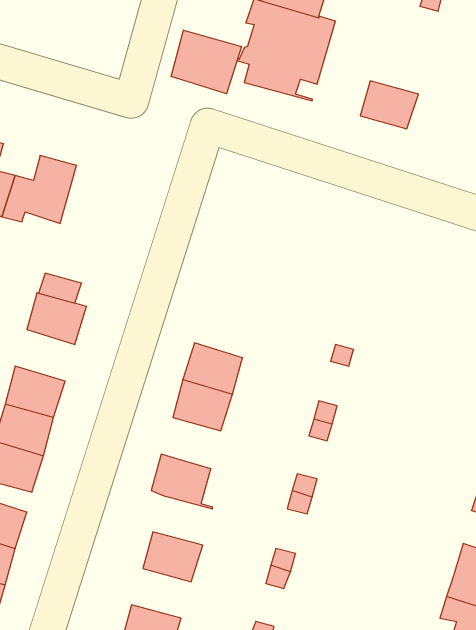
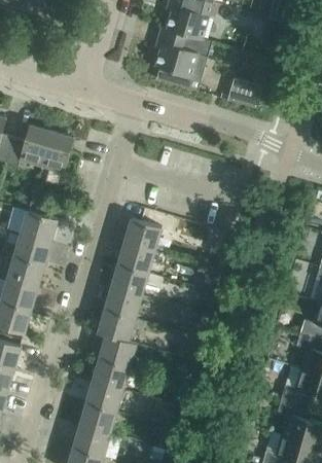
building: [171,30,242,94] -> none
building: none -> [41,131,74,173]
building: none -> [124,218,162,250]
building: none -> [13,233,50,264]
building: none -> [104,287,141,319]
building: none -> [99,335,136,366]
building: none -> [85,381,132,415]

